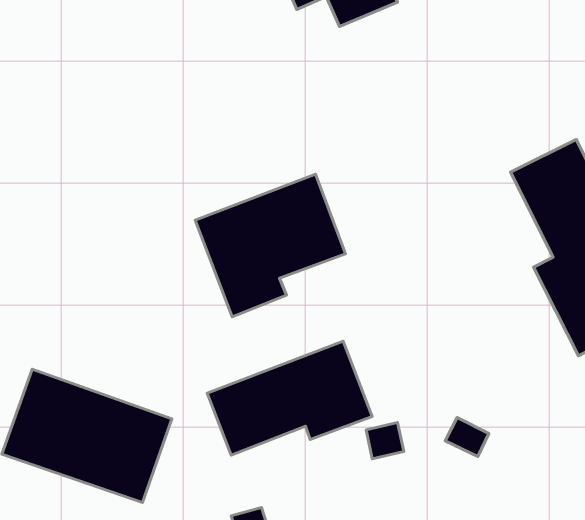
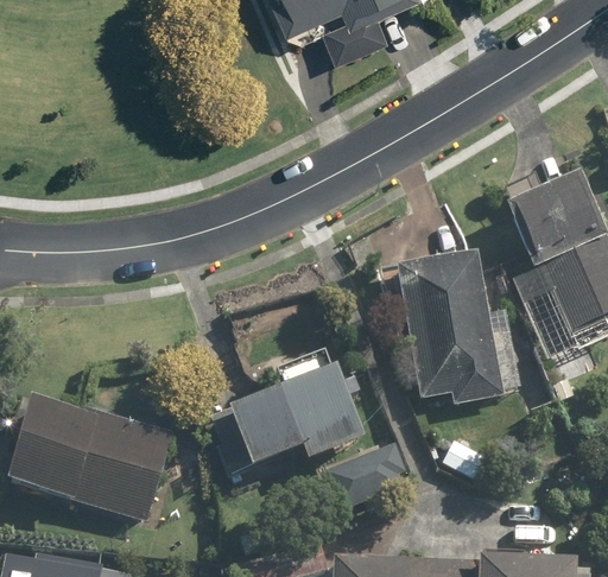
building: [195,174,346,317] -> none
building: none -> [395,251,522,407]

